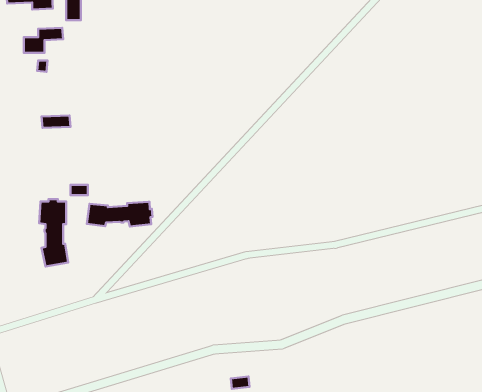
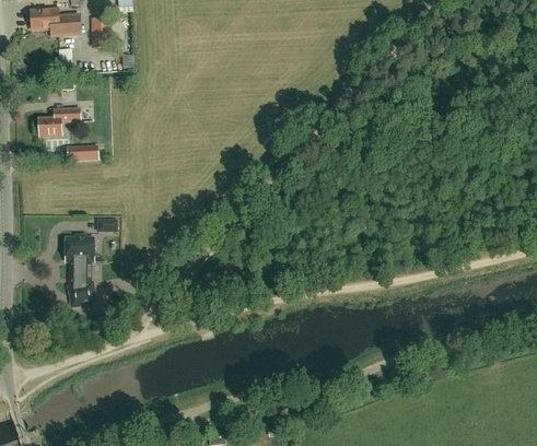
building: [24,28,63,53] -> [38,108,80,134]
building: [87,202,153,226] -> none

